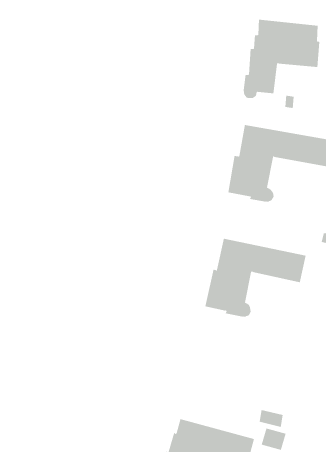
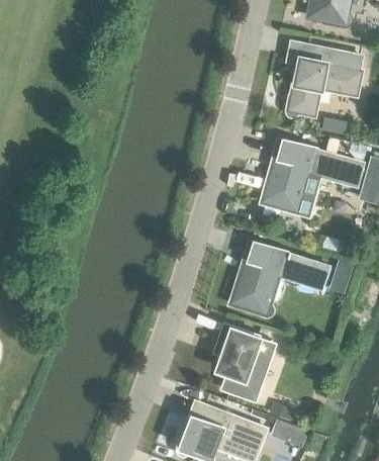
building: none -> [217,325,273,399]

